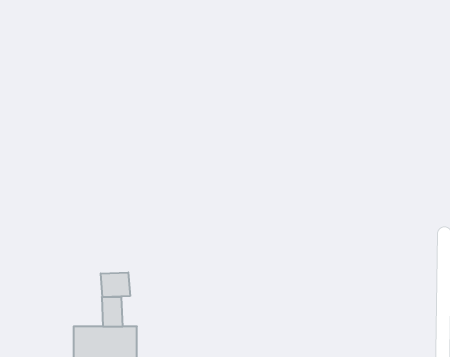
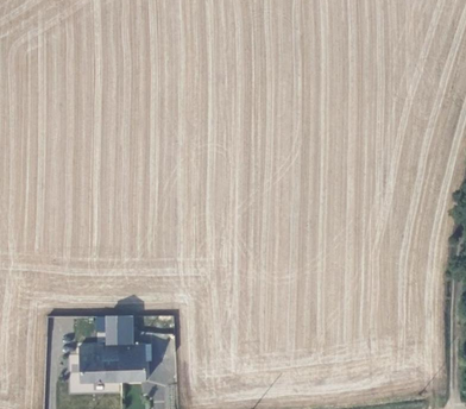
building: [101,272,130,297] -> none

